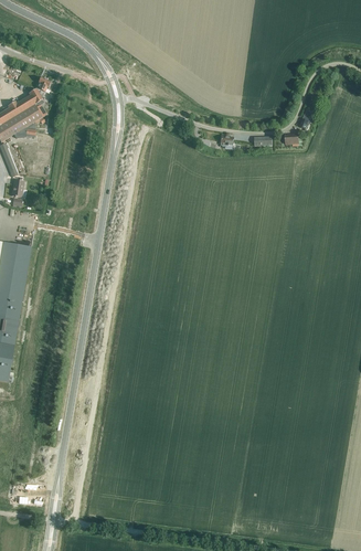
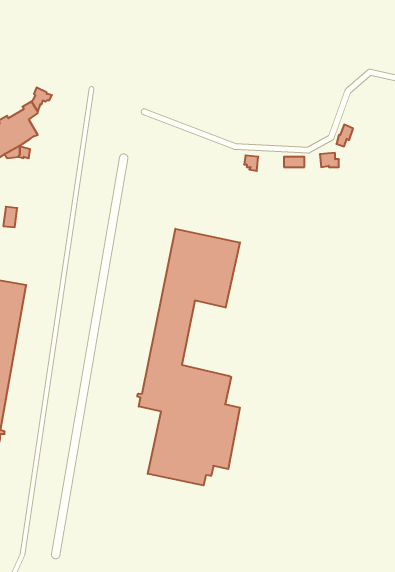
building: none -> [137,229,240,485]

